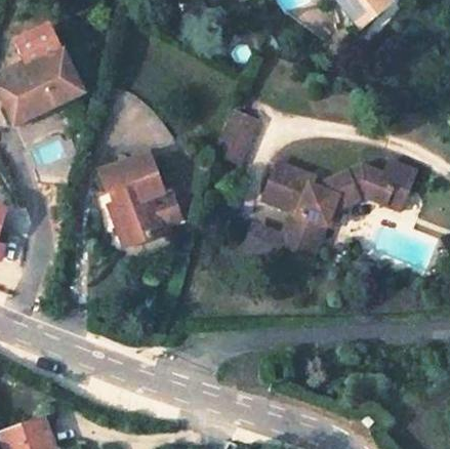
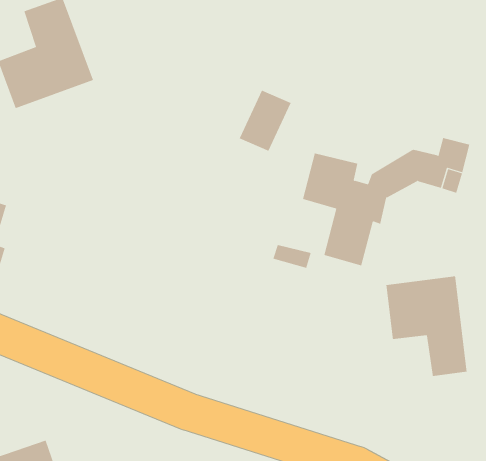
building: [93,154,170,244] -> none
building: none -> [386,275,467,377]

